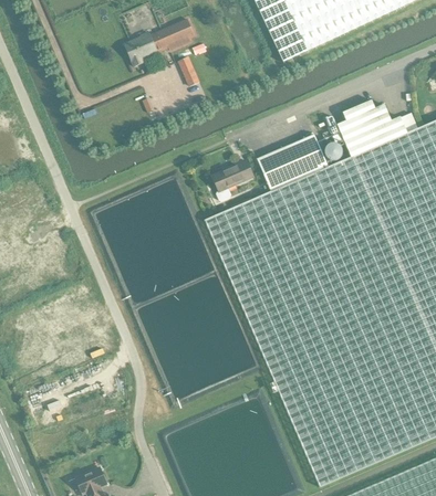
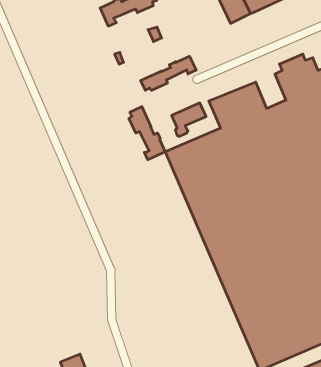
building: none -> [141,56,196,90]
building: none -> [129,107,165,160]

